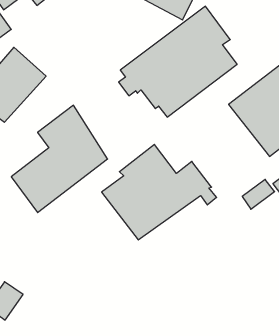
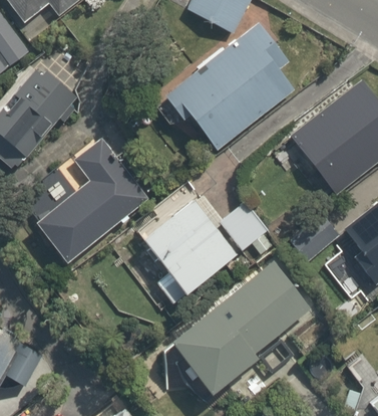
building: none -> [162,258,312,395]

